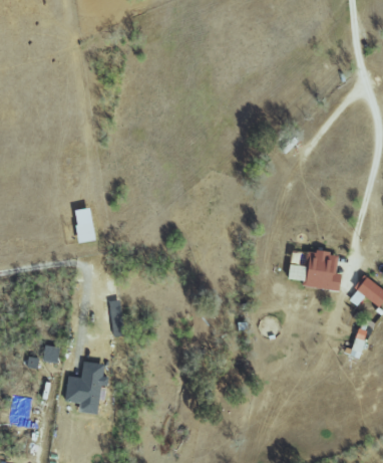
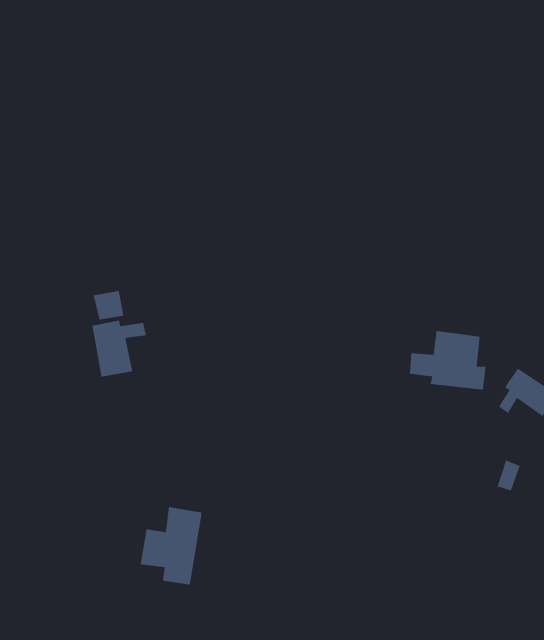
building: none -> [92,320,146,377]
building: [64,361,106,414] -> [140,507,202,585]

